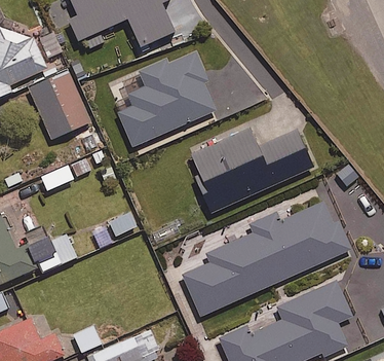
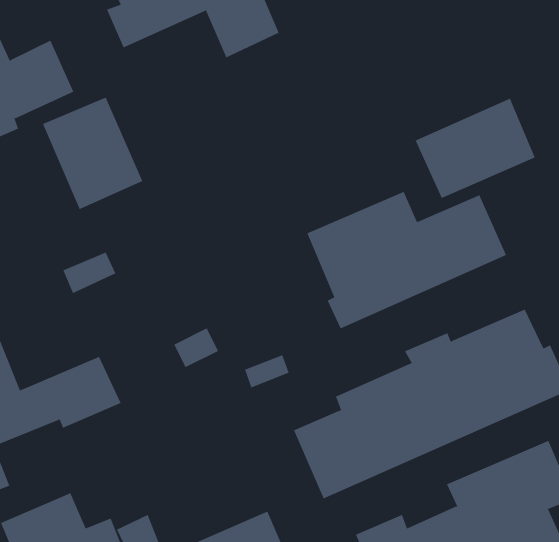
building: [117,53,215,147] -> none
building: none -> [415,98,536,199]

